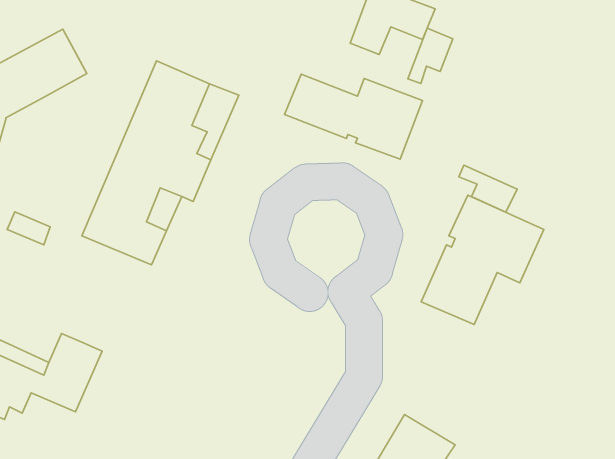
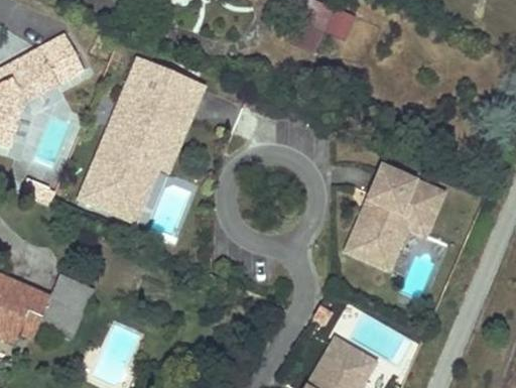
building: [408,28,453,83] -> none
building: [285,74,422,159] -> none
building: [459,165,517,212] -> none

